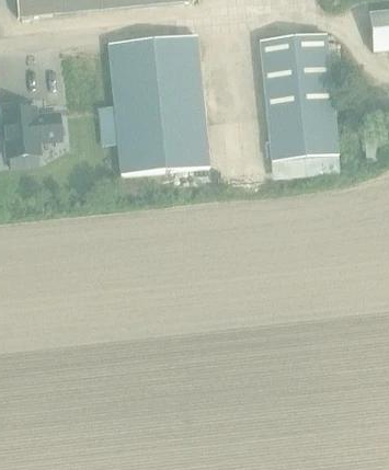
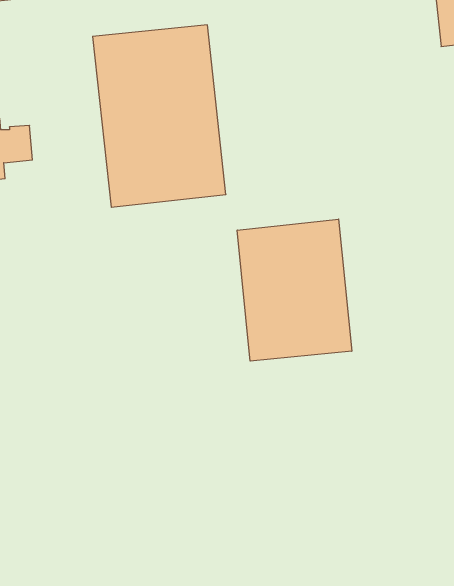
building: [261,32,339,157] -> none
building: none -> [237,219,352,361]

